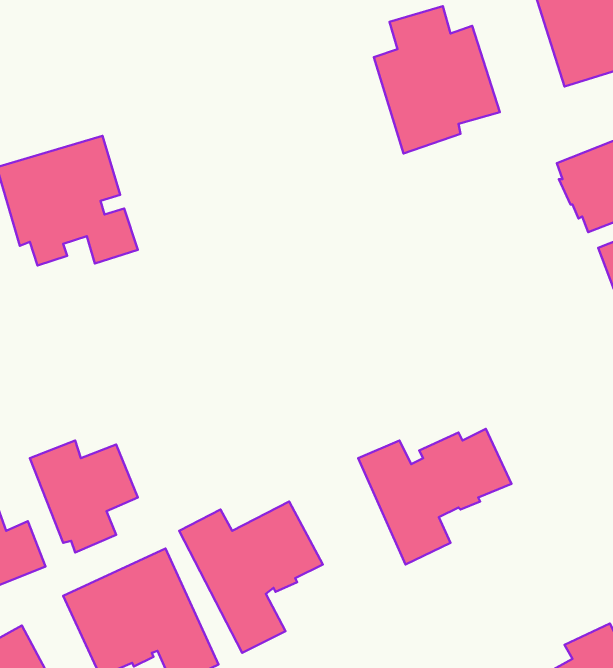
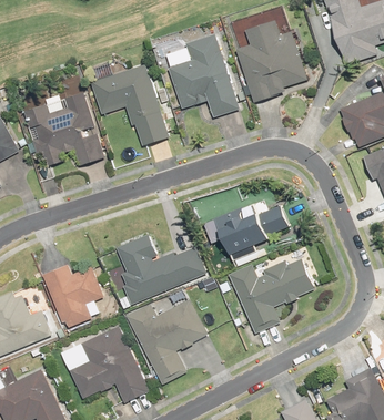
building: none -> [168,33,239,117]
building: none -> [91,64,169,145]
building: none -> [203,201,289,260]
building: none -> [117,235,205,305]

